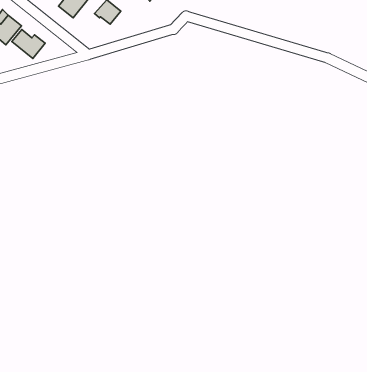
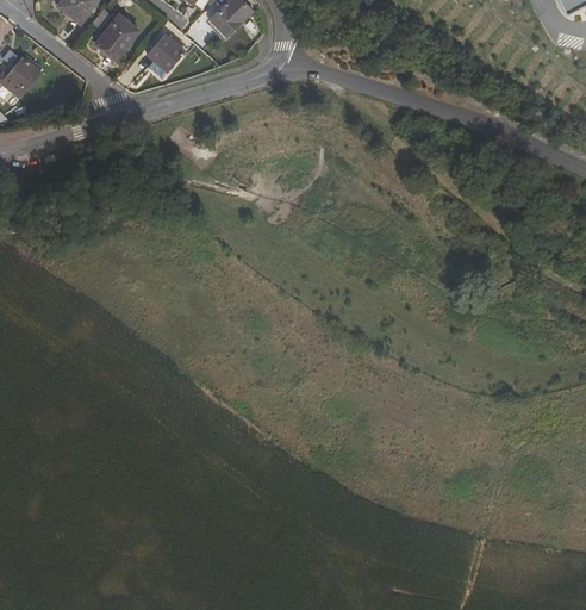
building: [12,30,45,59] -> none

